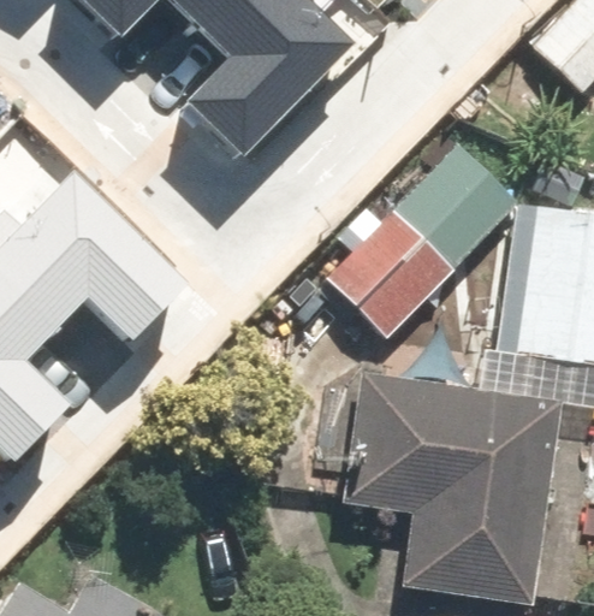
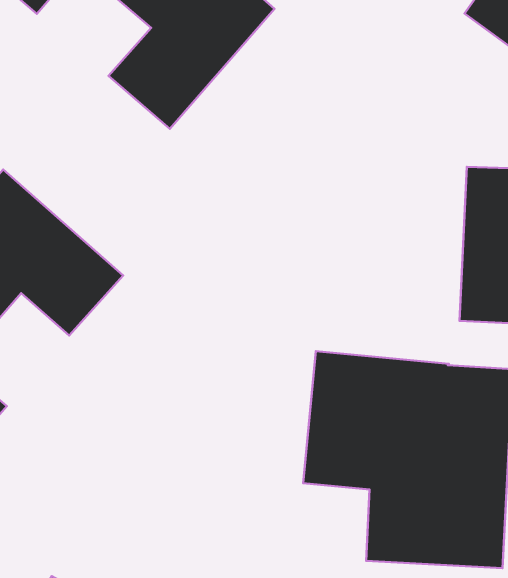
building: [325,147,513,332] -> none

